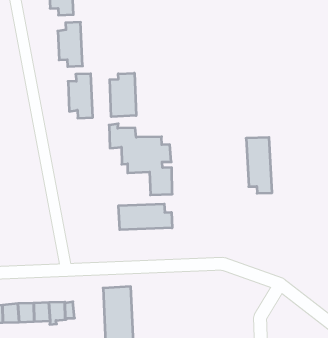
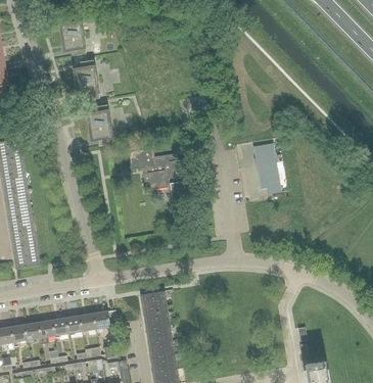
building: [110,73,136,117] -> none
building: [119,204,172,230] -> none

